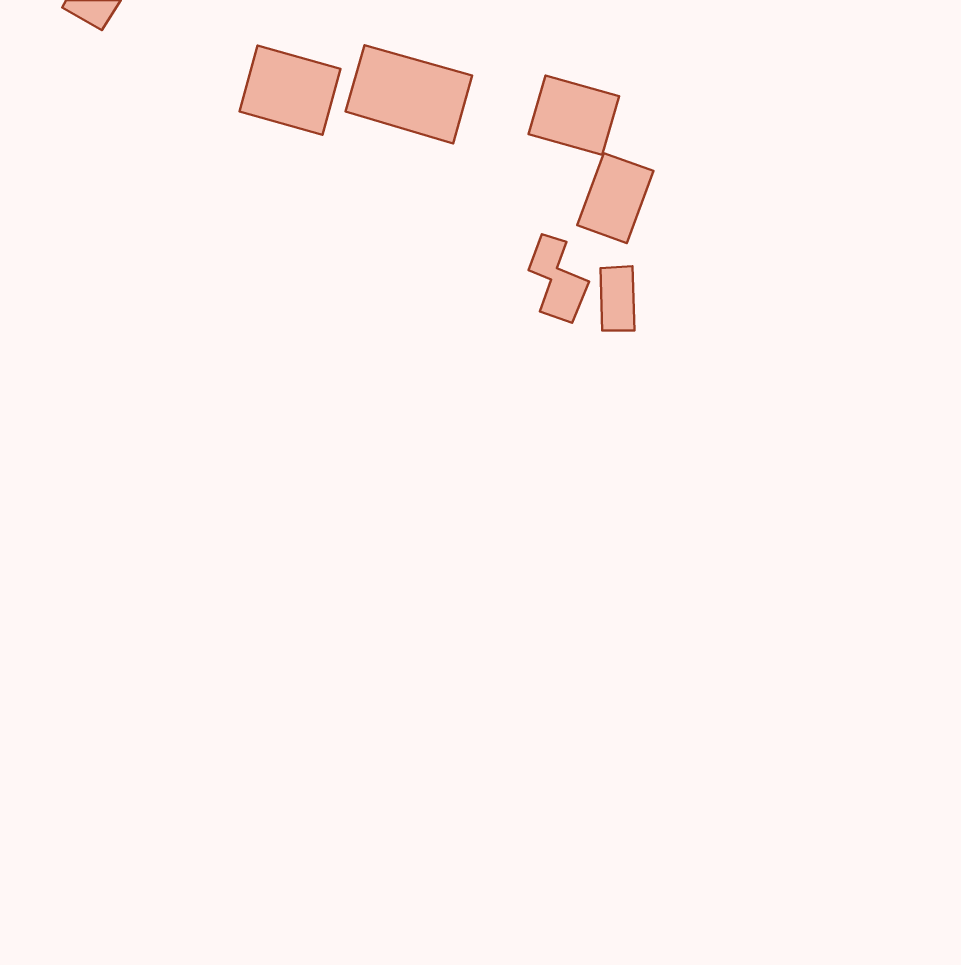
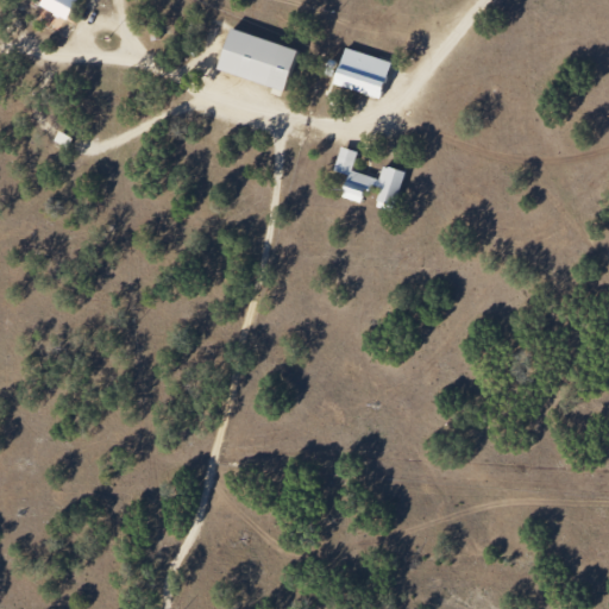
building: [240,45,340,135] -> none
building: [577,153,653,243] -> none

